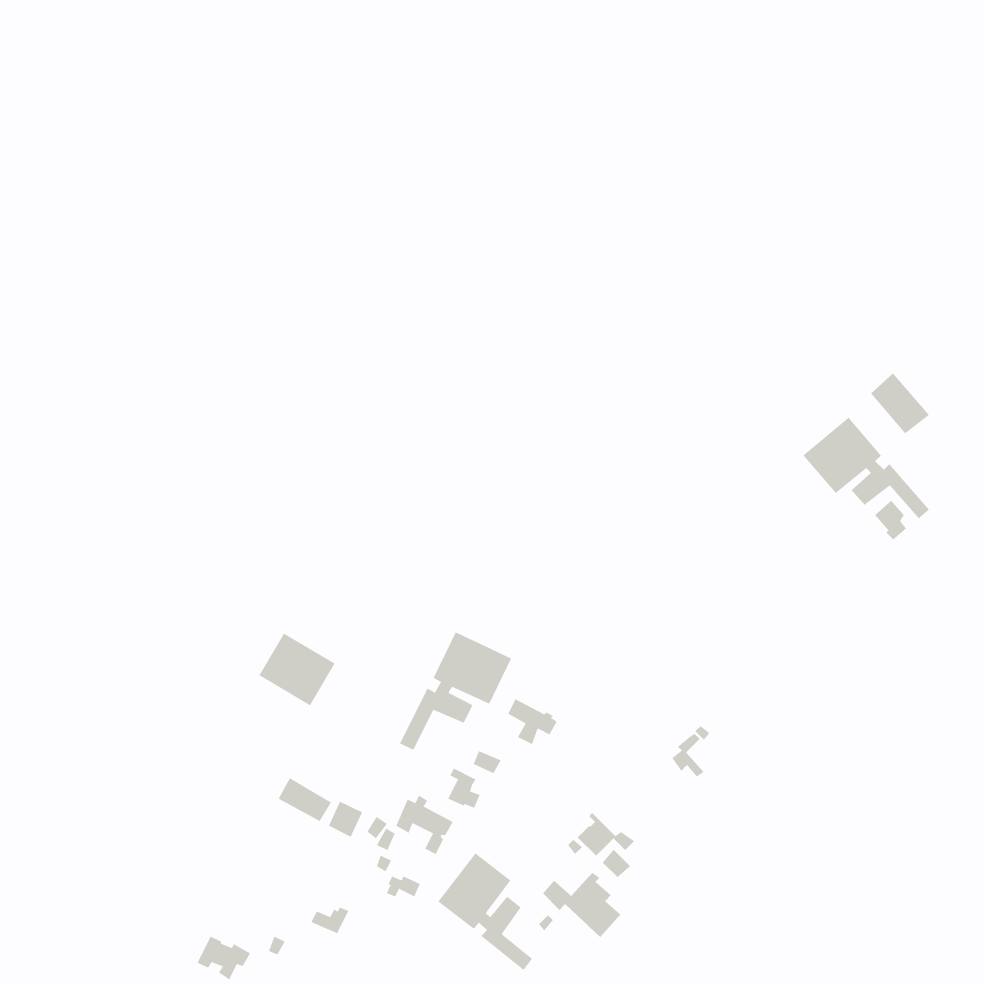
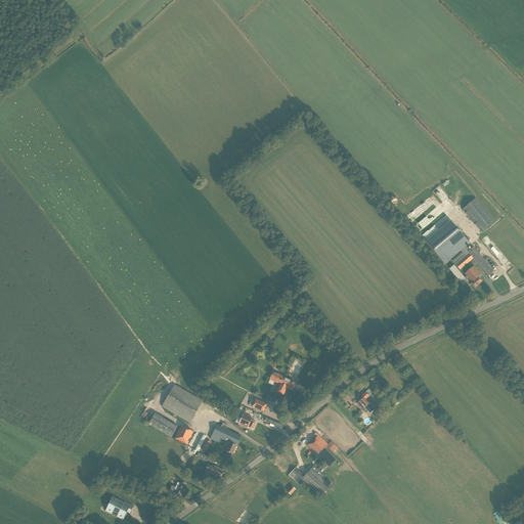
building: [399,632,512,750] -> none
building: [258,633,336,706] -> [161,384,202,423]
building: [438,853,533,971] -> none

